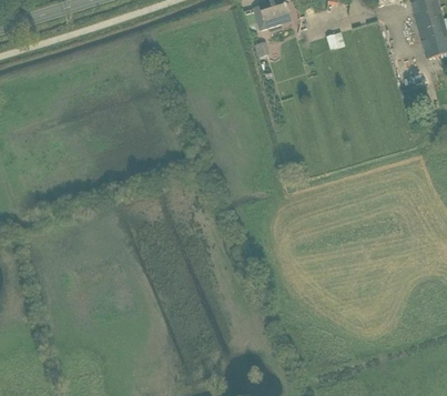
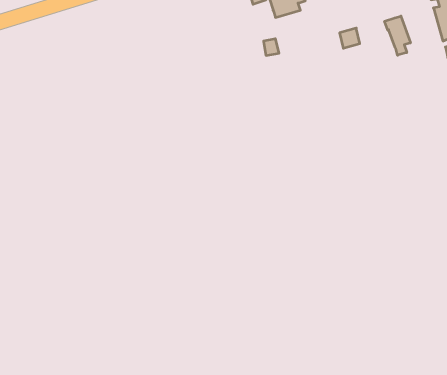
building: none -> [385,16,410,55]

